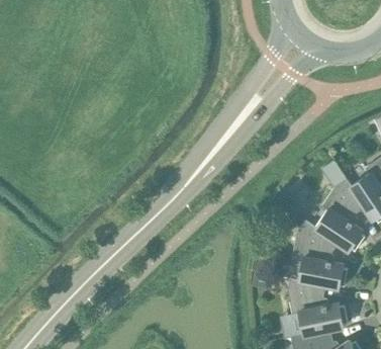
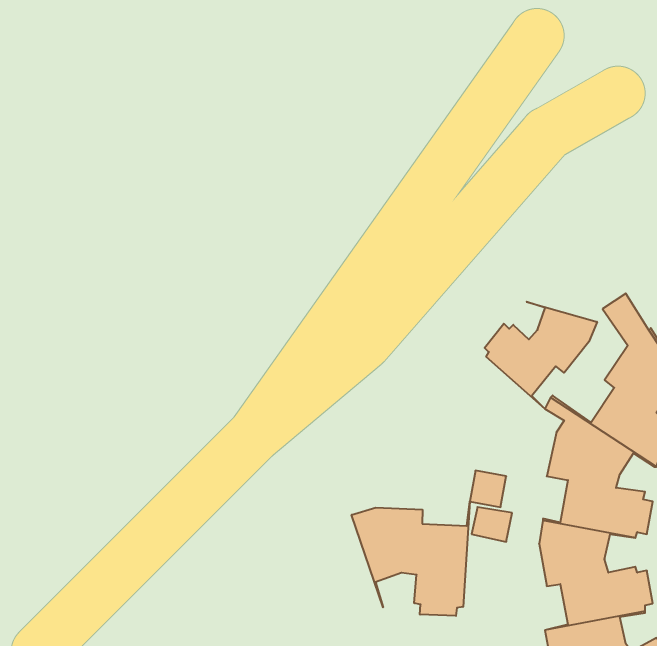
building: none -> [485,302,597,409]
building: none -> [352,501,470,616]

